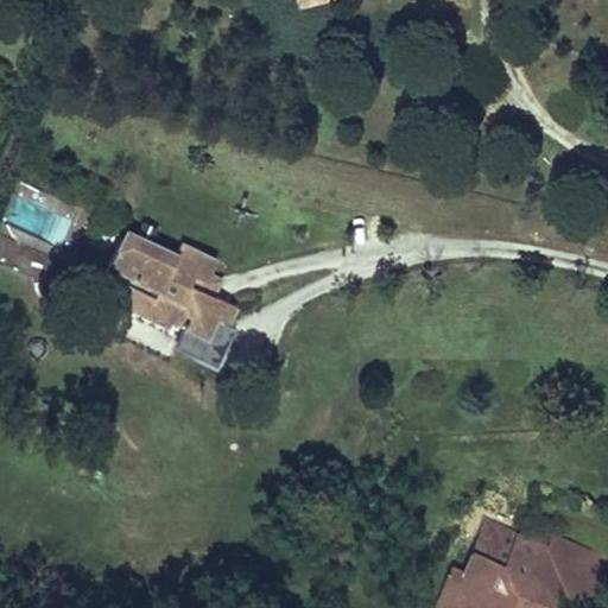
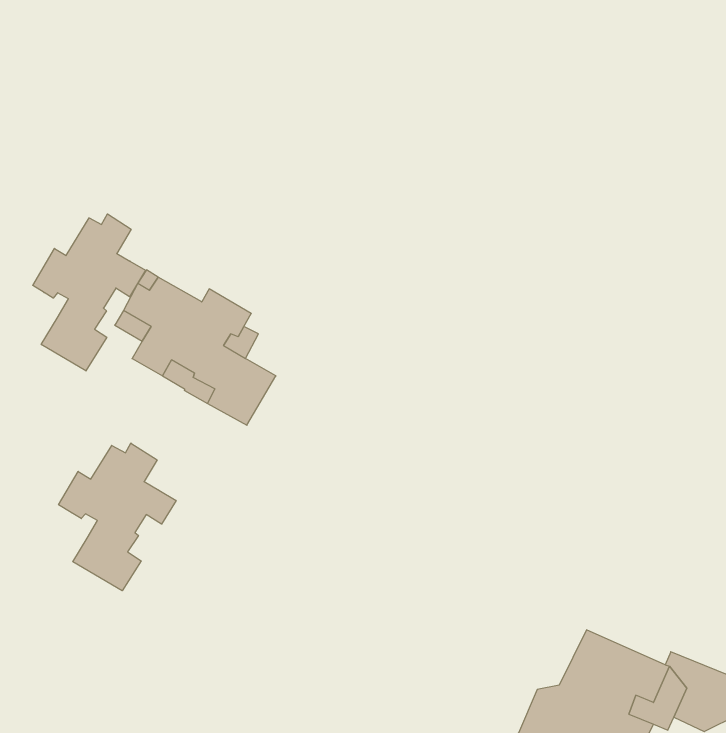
building: none -> [33,214,146,371]
building: none -> [59,443,176,591]

